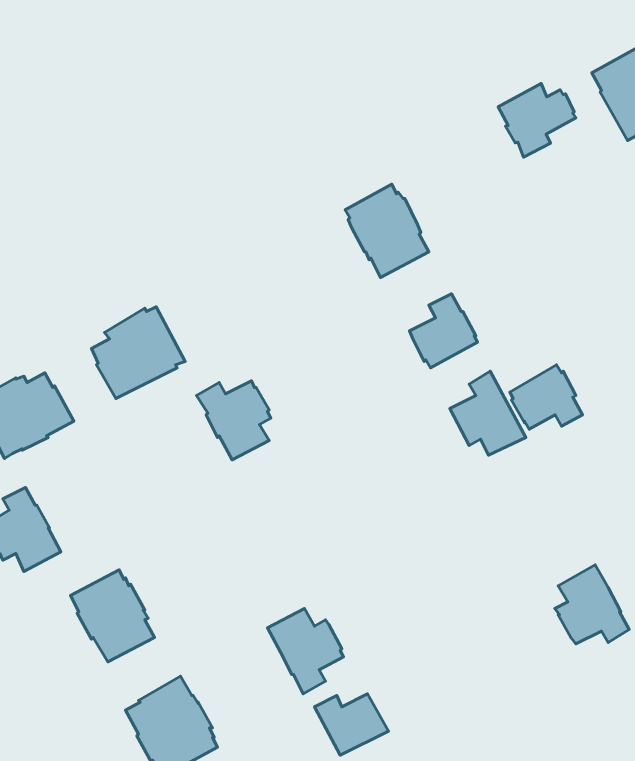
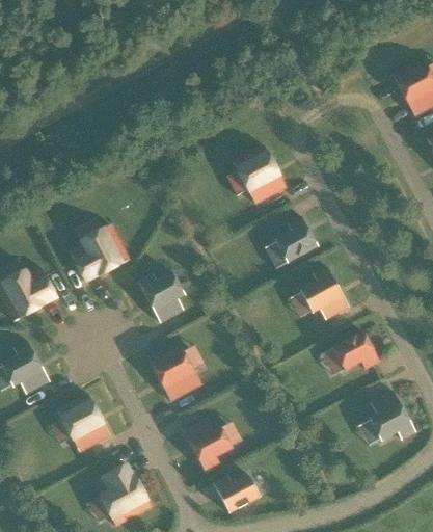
building: [498,83,576,157] -> none
building: [510,365,582,429] -> [332,329,379,371]
building: none -> [147,341,201,401]

